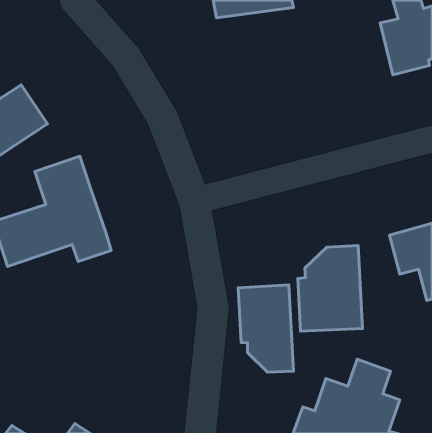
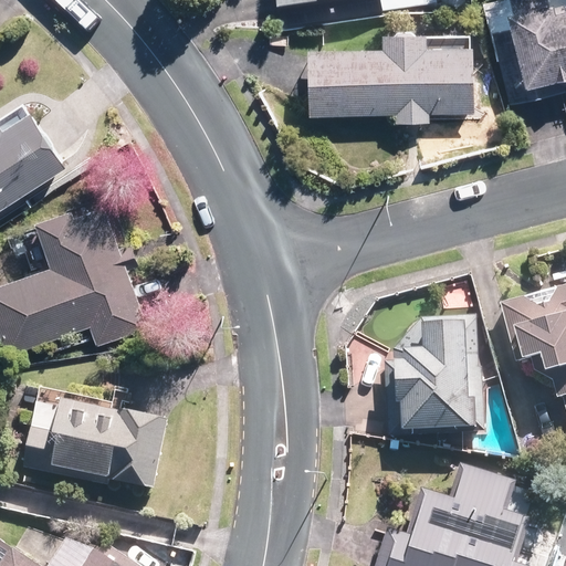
building: none -> [318,33,471,117]
building: [238,285,293,372] -> none
building: none -> [29,400,164,488]

